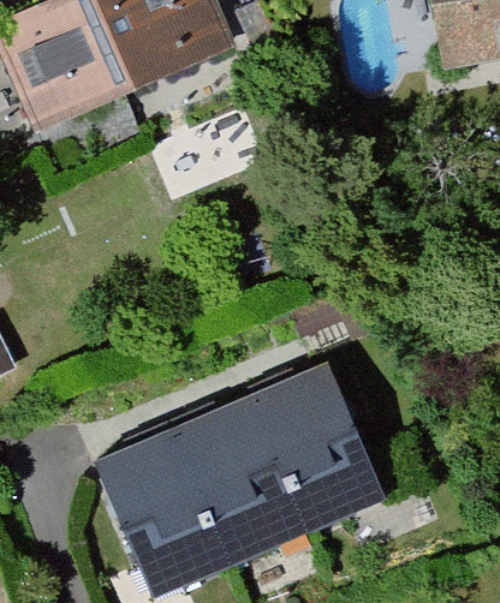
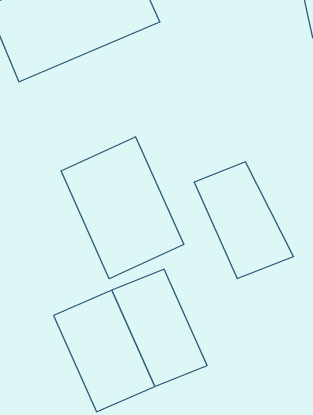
building: none -> [61,137,184,279]
building: [249,365,391,531] -> [194,162,294,278]

